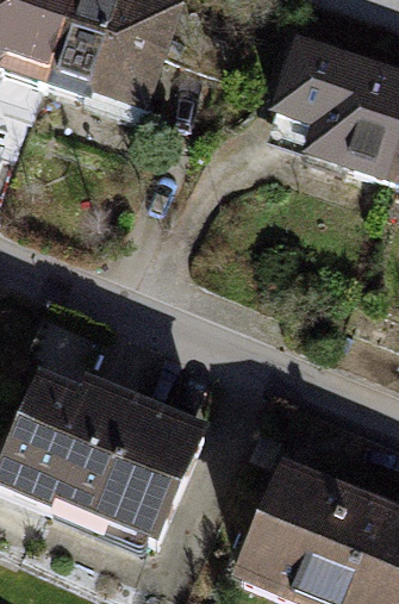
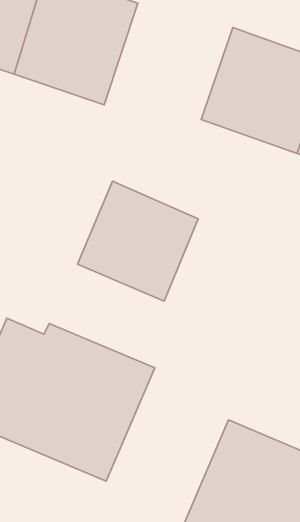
building: none -> [78,181,198,301]

